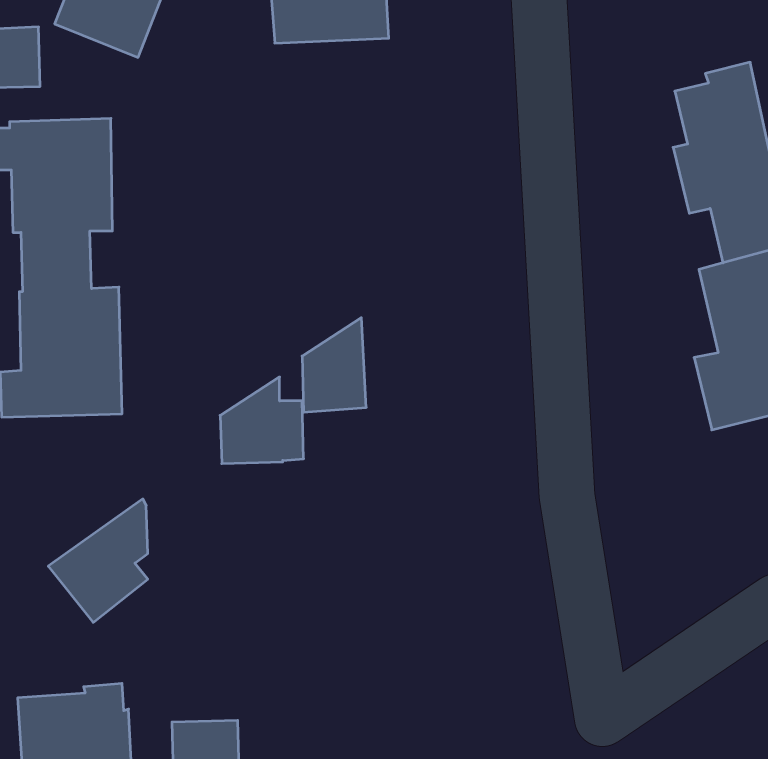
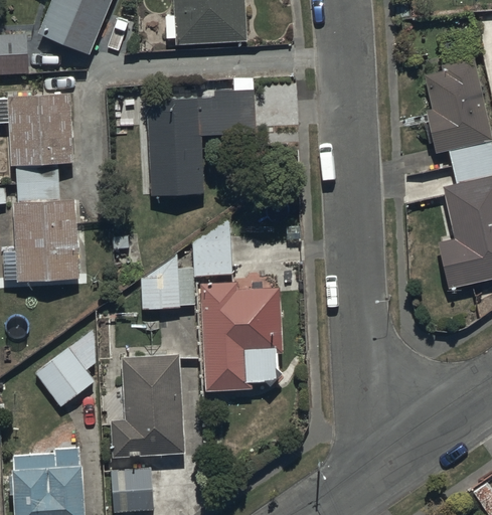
building: none -> [147,89,256,194]
building: none -> [200,282,281,390]
building: none -> [111,354,184,457]

